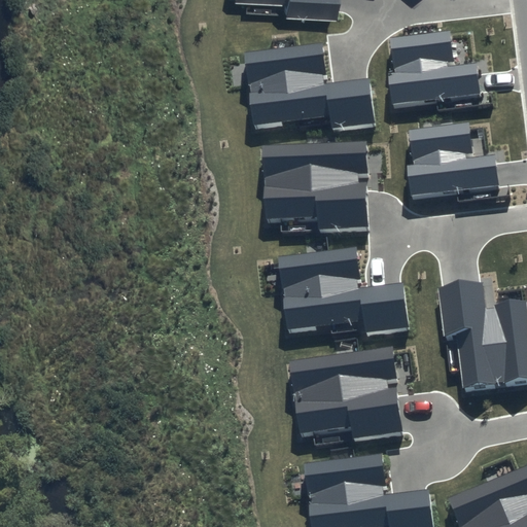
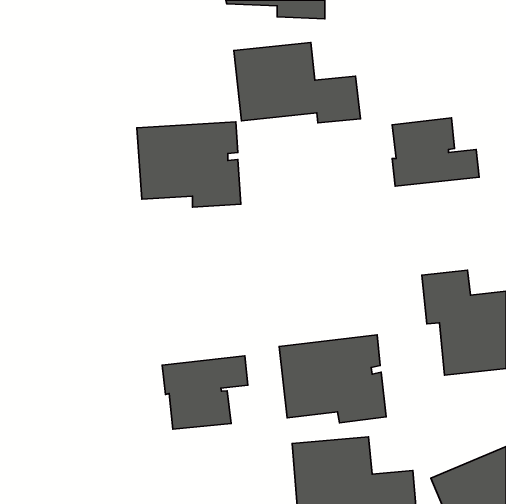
building: [388,34,481,107] -> none
building: [260,143,368,232] -> [137,122,241,207]
building: [278,249,409,333] -> none
building: none -> [162,356,248,429]

